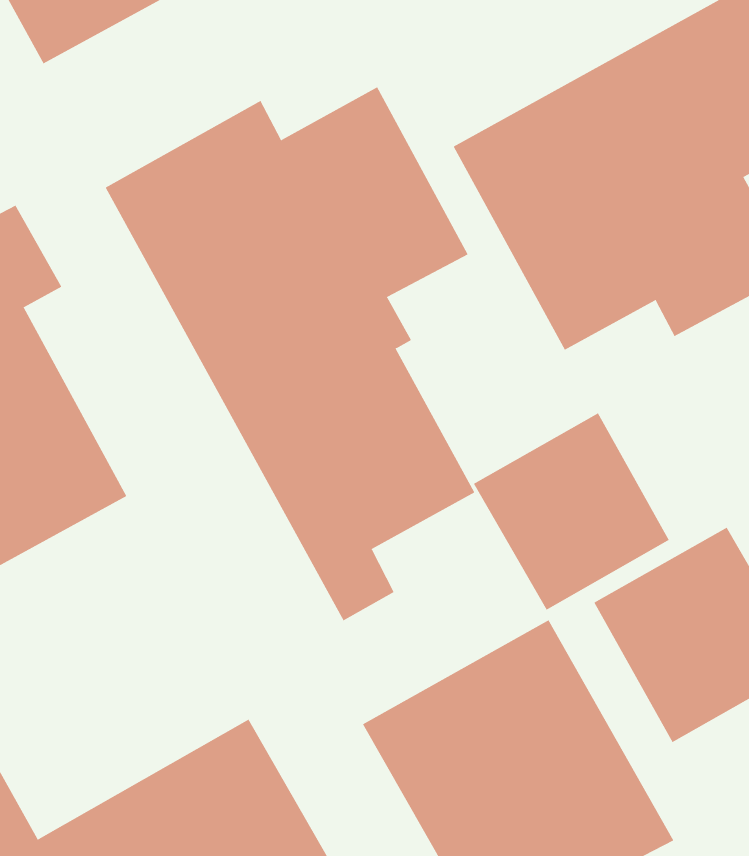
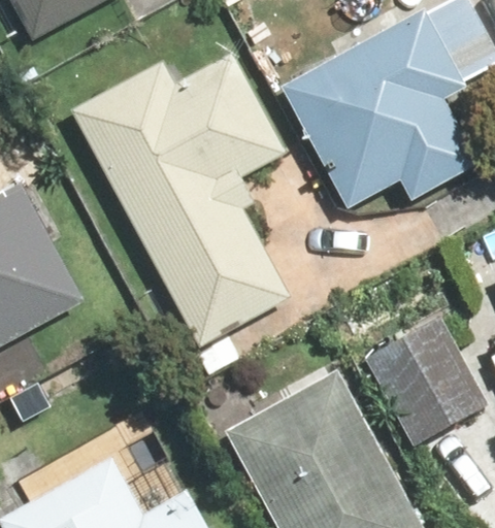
building: [473,412,669,611] -> none

